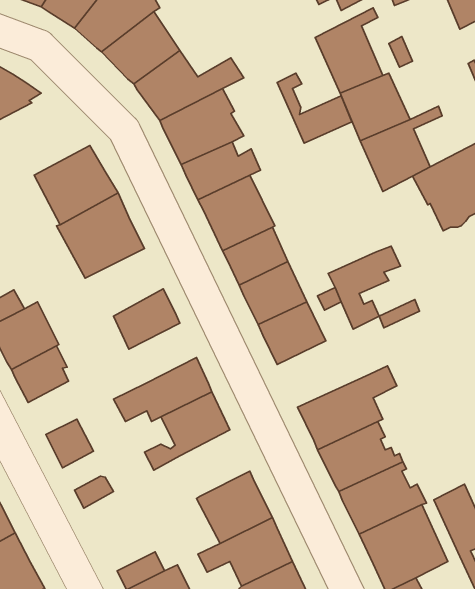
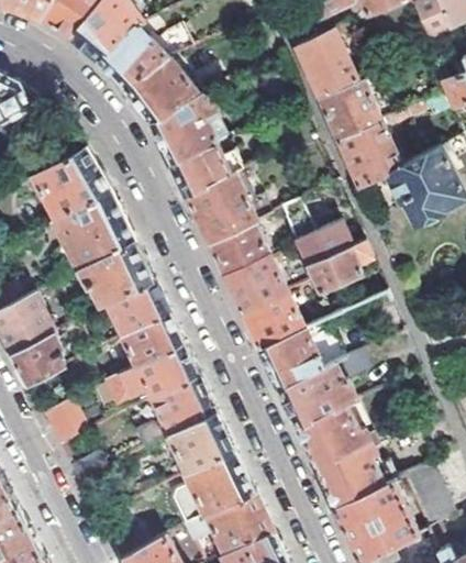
building: [277,73,352,143] -> [280,201,350,266]
building: none -> [80,243,153,308]
building: none -> [121,312,184,368]
building: none -> [258,325,344,390]
building: none -> [168,411,233,473]

